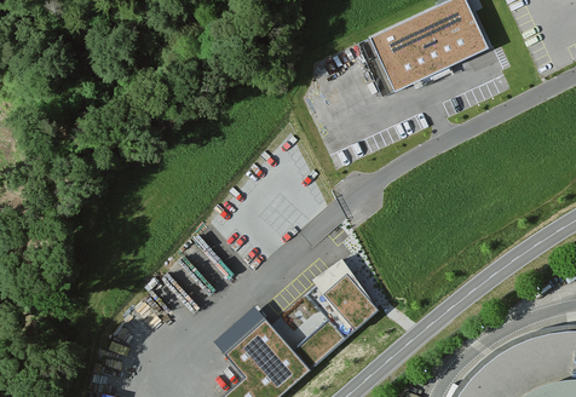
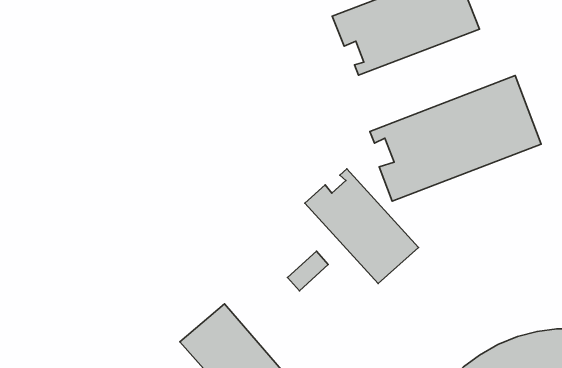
building: none -> [370,75,541,201]
building: none -> [305,169,419,284]

